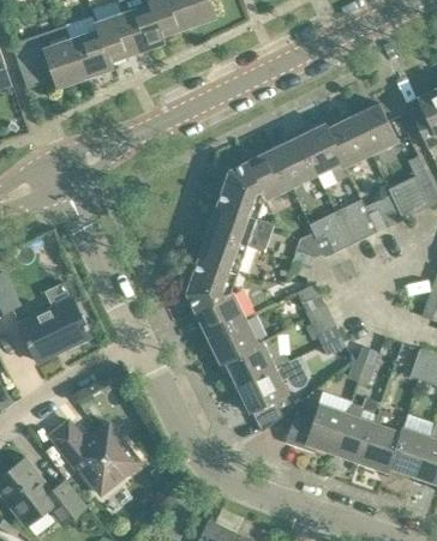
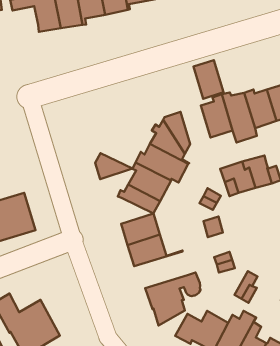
building: [249,149,291,199] -> [194,60,223,99]
building: [186,279,234,312] -> [95,153,133,179]
building: [220,335,288,387] -> none

